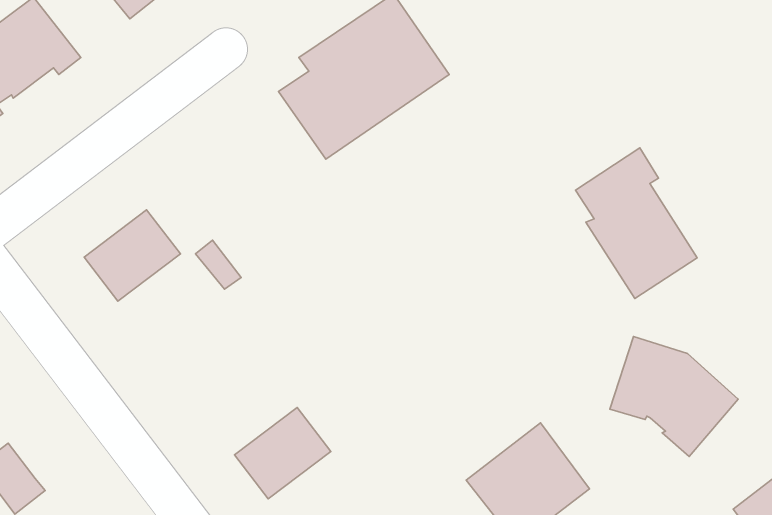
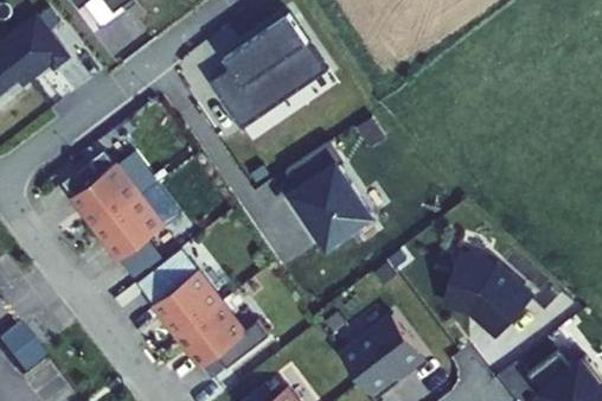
building: [576,148,697,298] -> [286,140,371,246]
building: none -> [96,195,164,259]
building: none -> [148,269,222,336]

